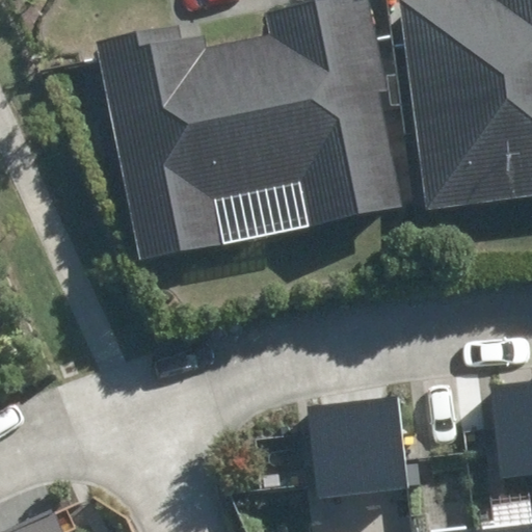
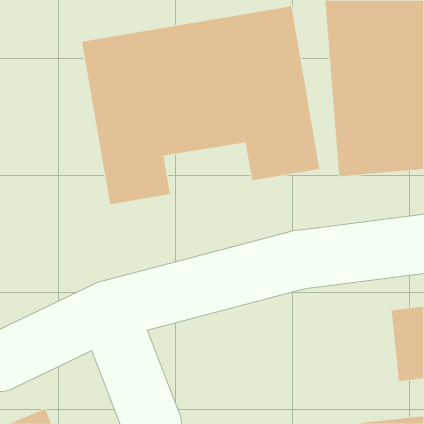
building: [309,398,406,499] -> none

